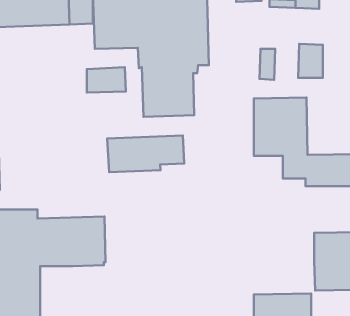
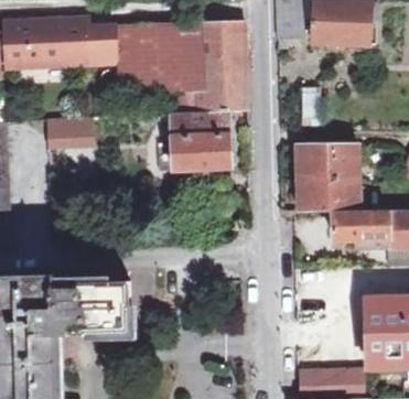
building: [298,44,323,78] -> none
building: [87,67,126,92] -> [45,115,89,143]
building: [107,135,184,172] -> none

